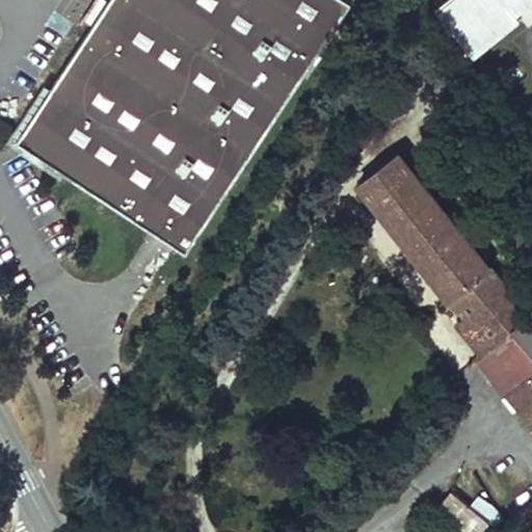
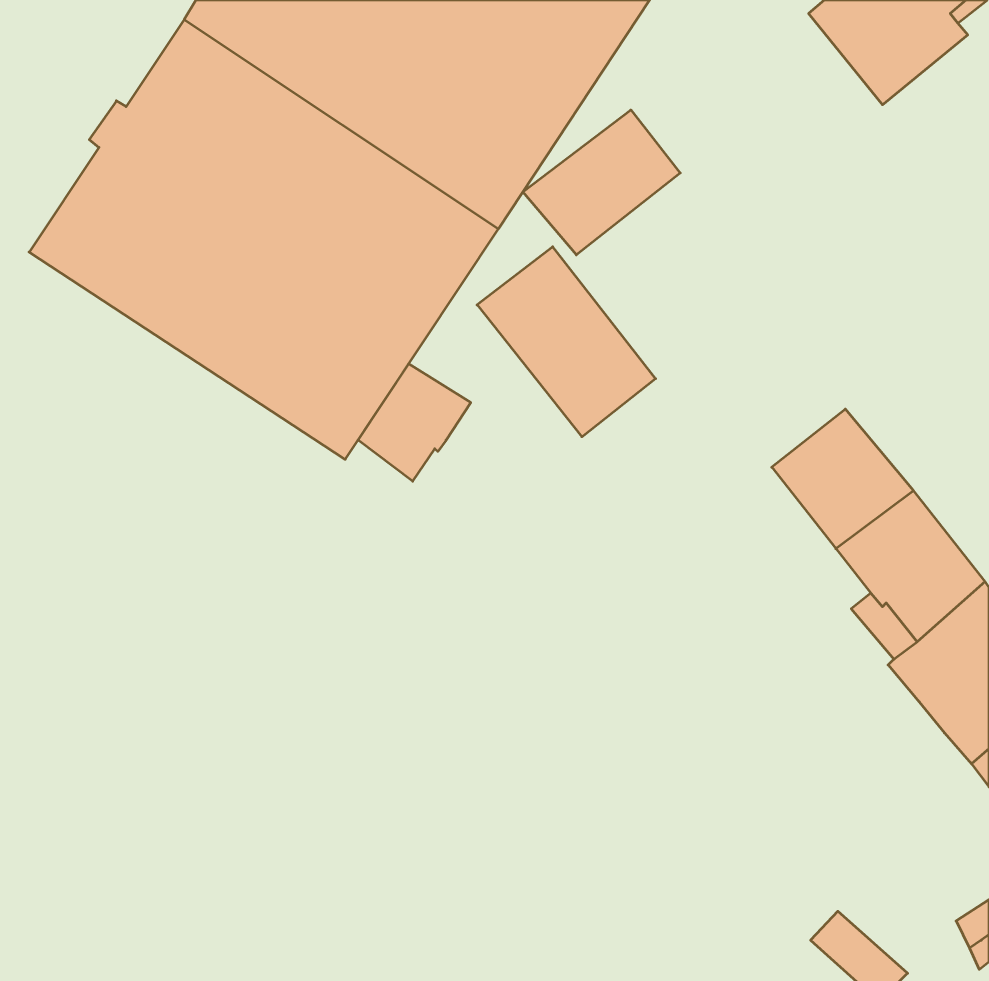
building: none -> [523,110,680,255]
building: [357,154,453,256] -> [477,247,656,437]
building: none -> [358,364,471,481]

